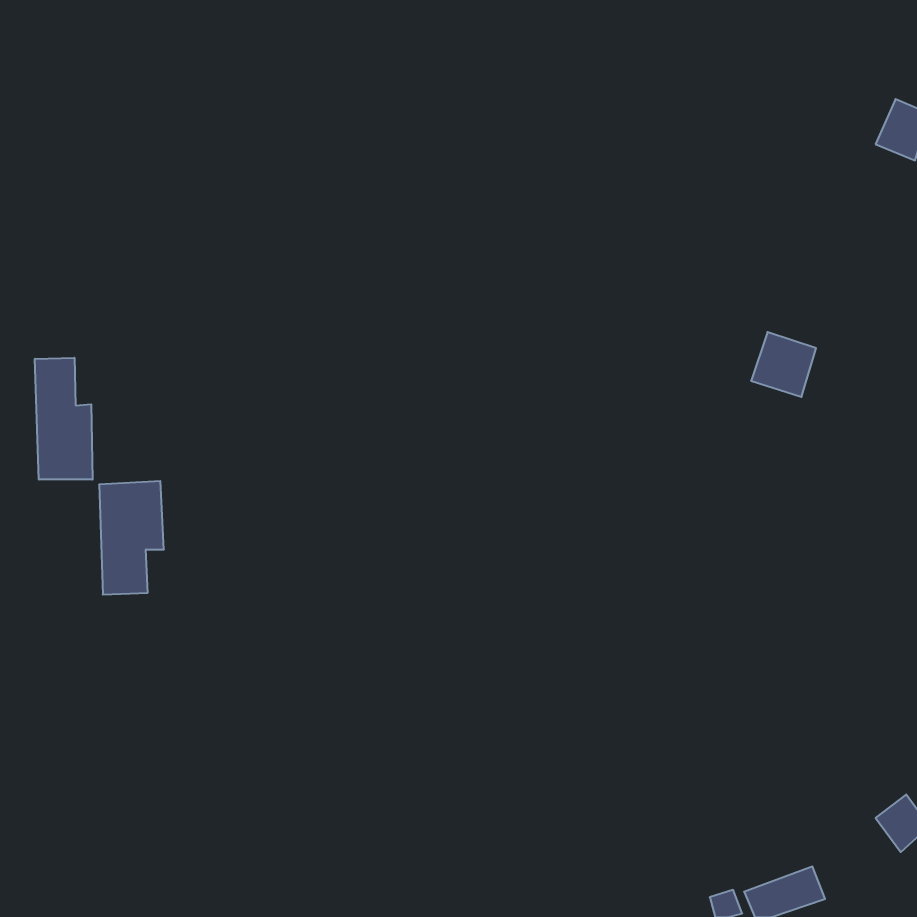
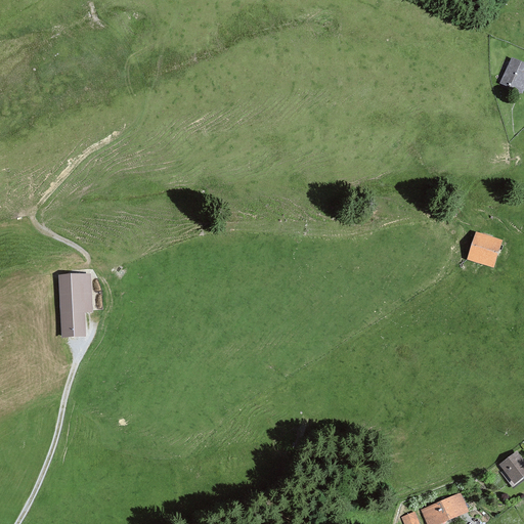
building: [751,332,816,397] -> [467,230,504,267]
building: [35,358,93,480] -> none

